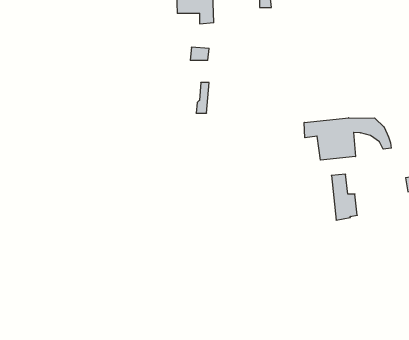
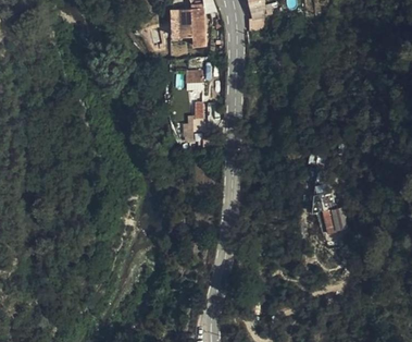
building: [304,118,391,160] -> none

